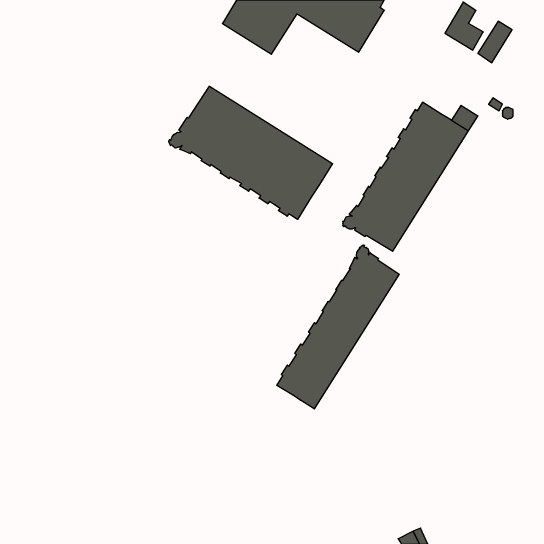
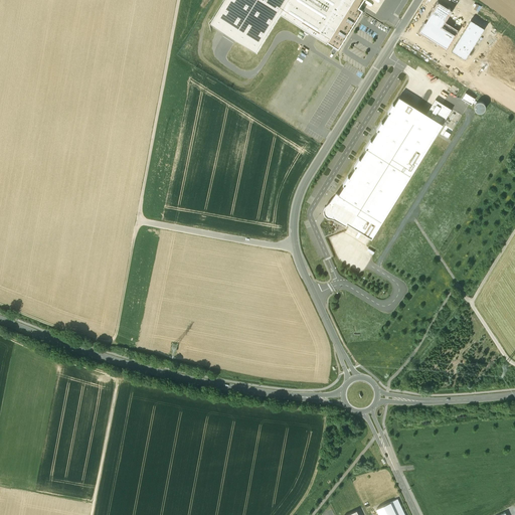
building: [169,86,333,219] -> none
building: [277,245,399,409] -> none

